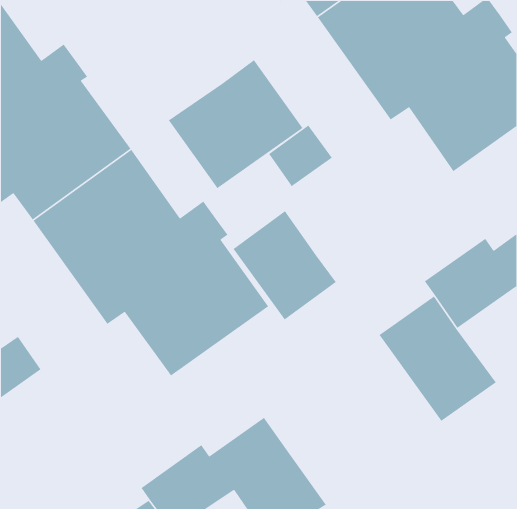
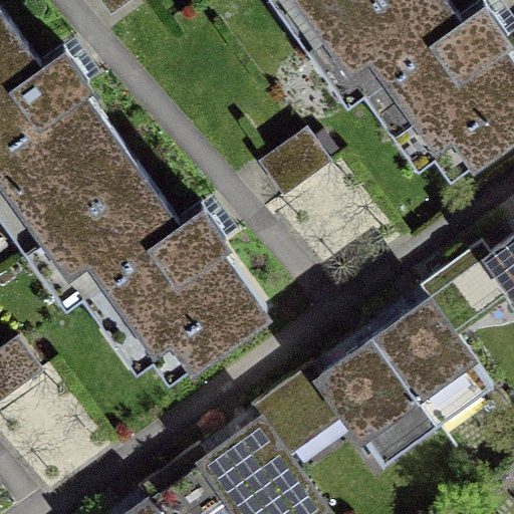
building: [168,59,304,189] -> none
building: [233,210,337,320] -> none
building: none -> [253,340,438,467]

